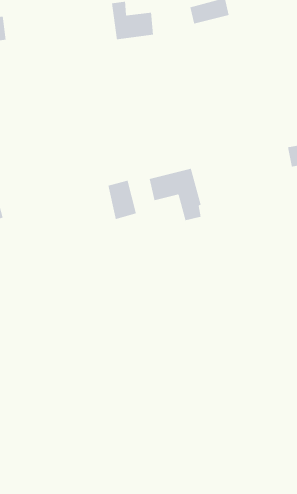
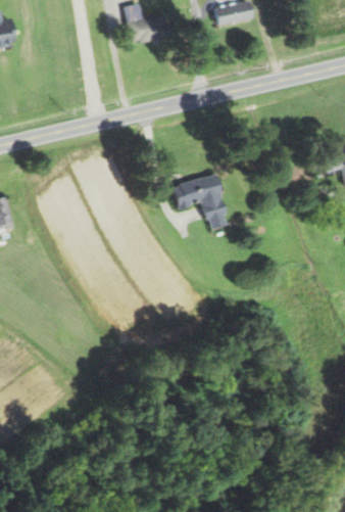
building: [108,180,137,220] -> none

